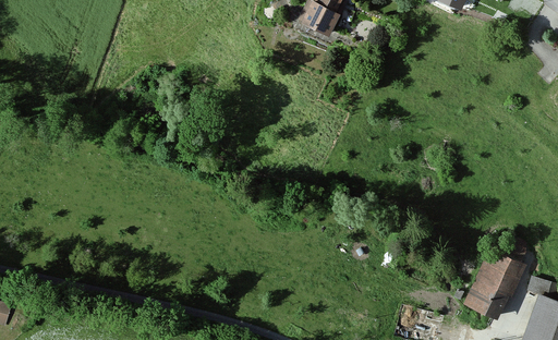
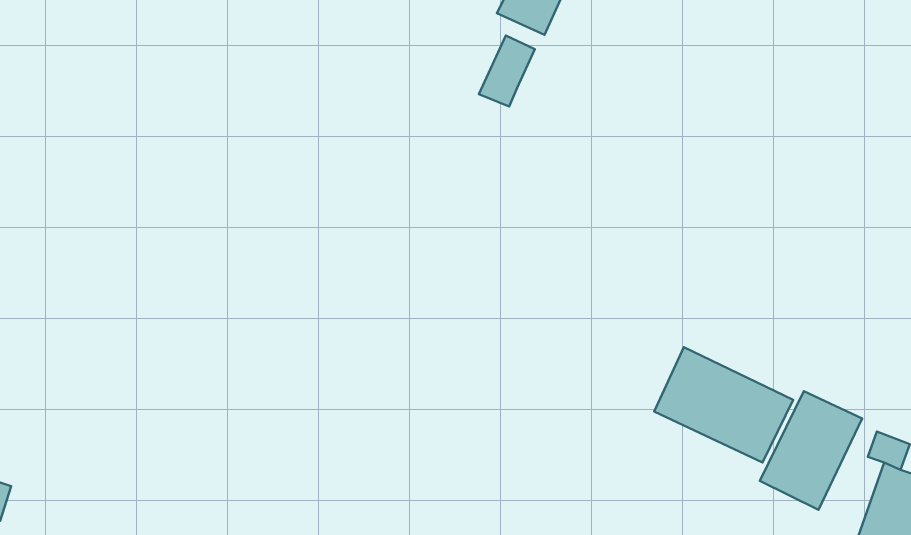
building: none -> [479,35,535,106]
building: none -> [654,347,793,462]

